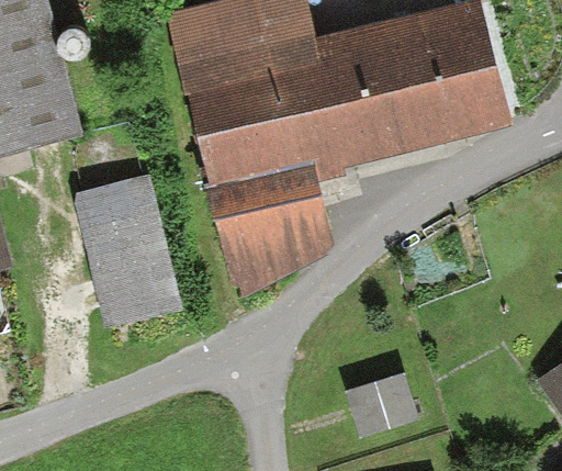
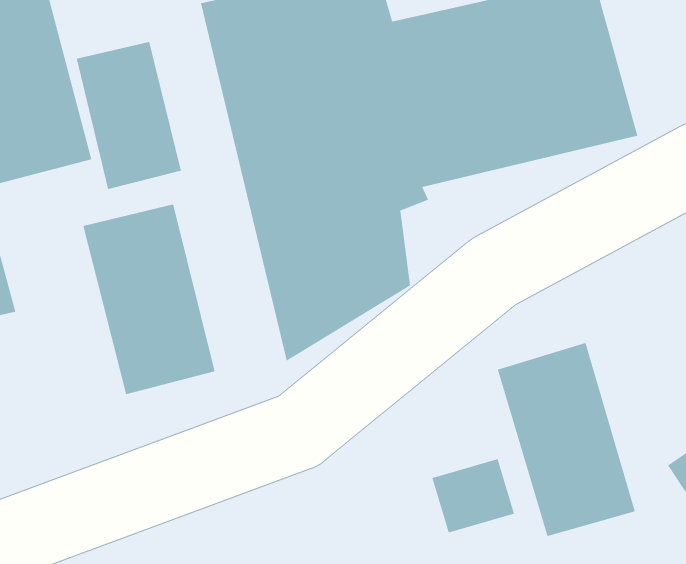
building: none -> [76,41,182,190]
building: none -> [497,342,635,537]

